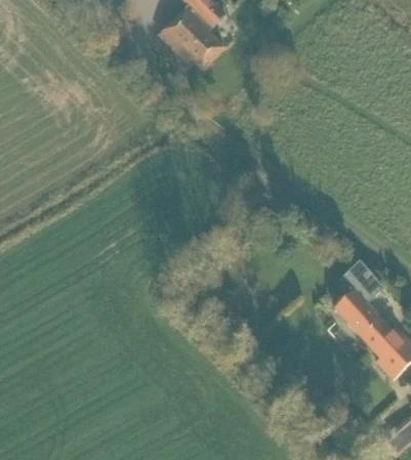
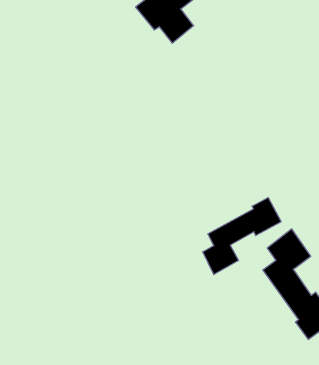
building: none -> [203,198,281,275]

